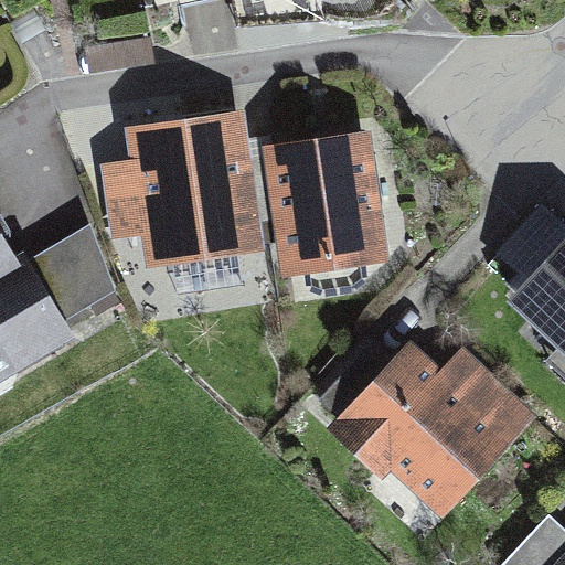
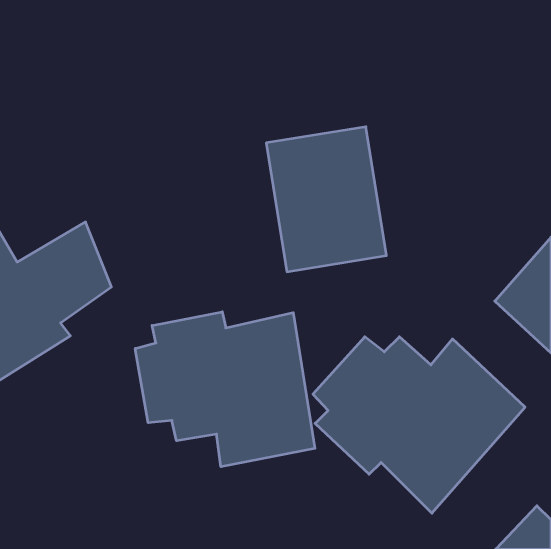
building: [119,108,268,269] -> none
building: none -> [135,312,315,467]

